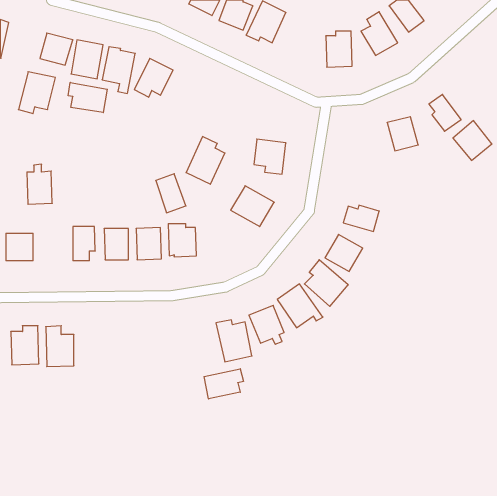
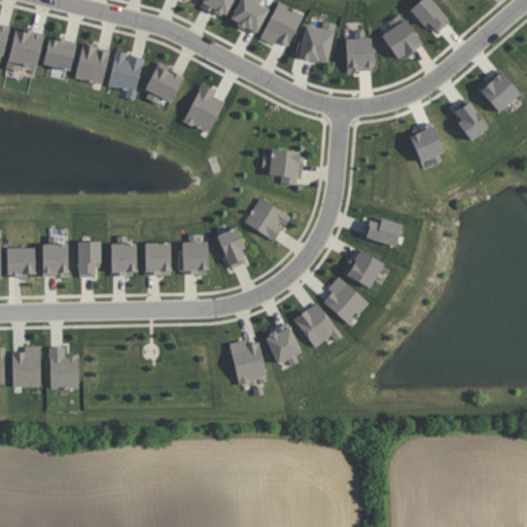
building: none -> [297,22,336,64]
building: [18,72,55,114] -> [5,28,44,72]
building: [68,82,107,113] -> none
building: [453,121,492,160] -> [479,70,520,112]
building: [186,137,225,184] -> [183,83,224,134]
building: [27,164,52,204] -> [41,236,68,278]
building: [156,174,186,213] -> [217,227,249,269]
building: [204,369,243,399] -> none

